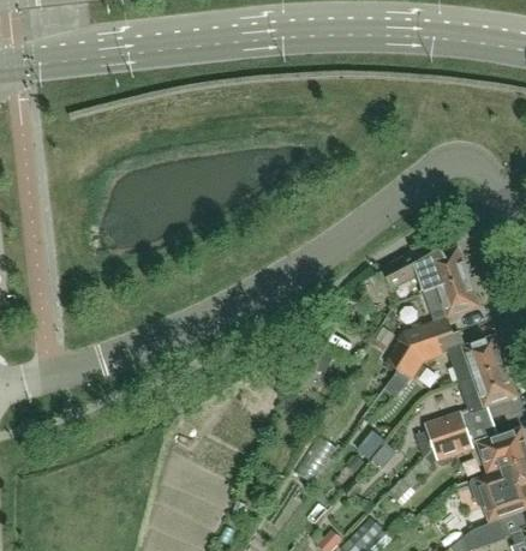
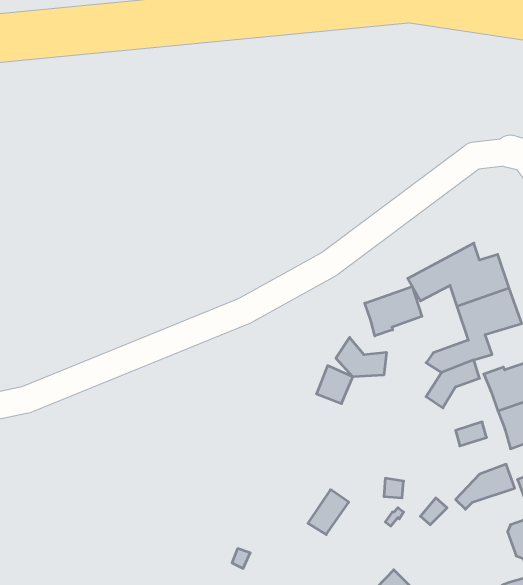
building: none -> [365,286,422,336]
building: none -> [336,337,386,377]
building: [416,411,467,457] -> none

